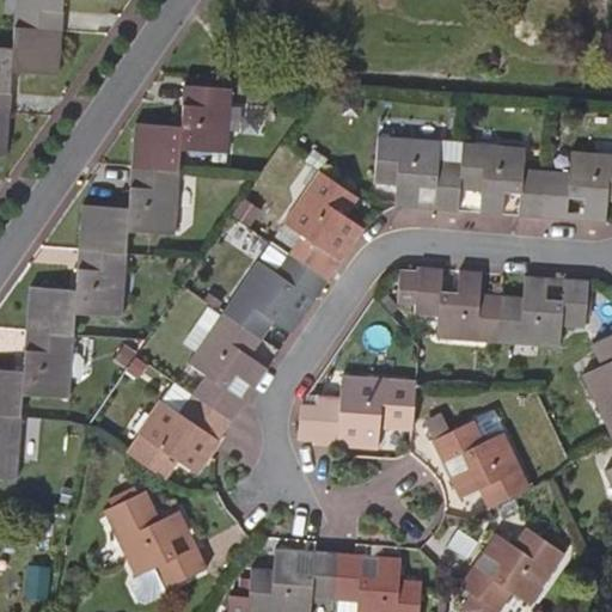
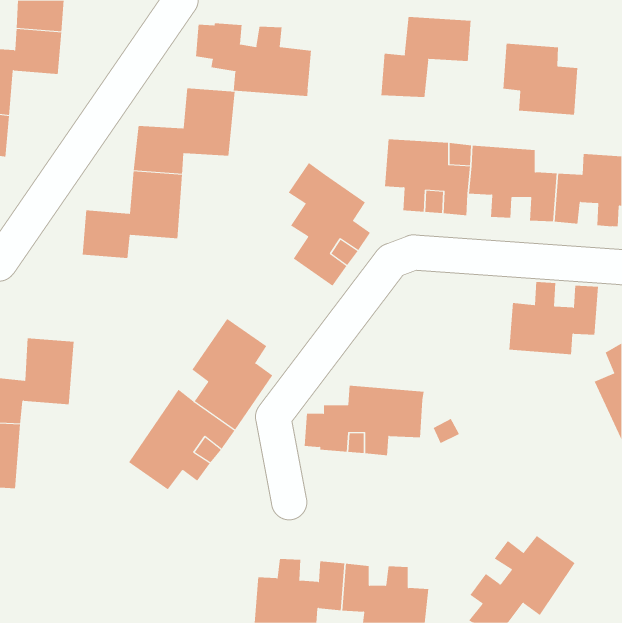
building: none -> [381,16,471,98]
building: none -> [196,22,312,97]
building: none -> [503,43,578,116]
building: [222,241,326,339] -> none
building: [26,250,126,335] -> none
building: [398,269,502,343] -> none
building: [433,423,532,509] -> none
building: [105,490,210,604] -> none

